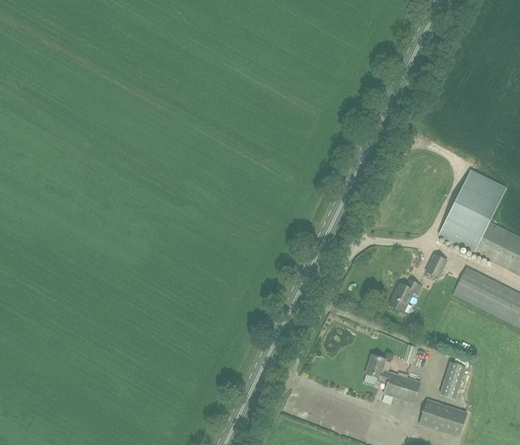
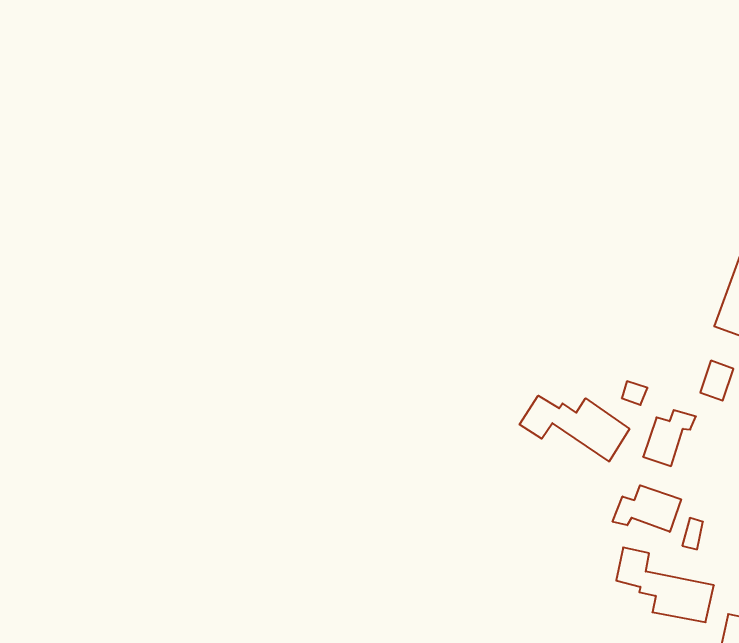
building: none -> [520,396,629,462]
building: none -> [613,485,681,532]

